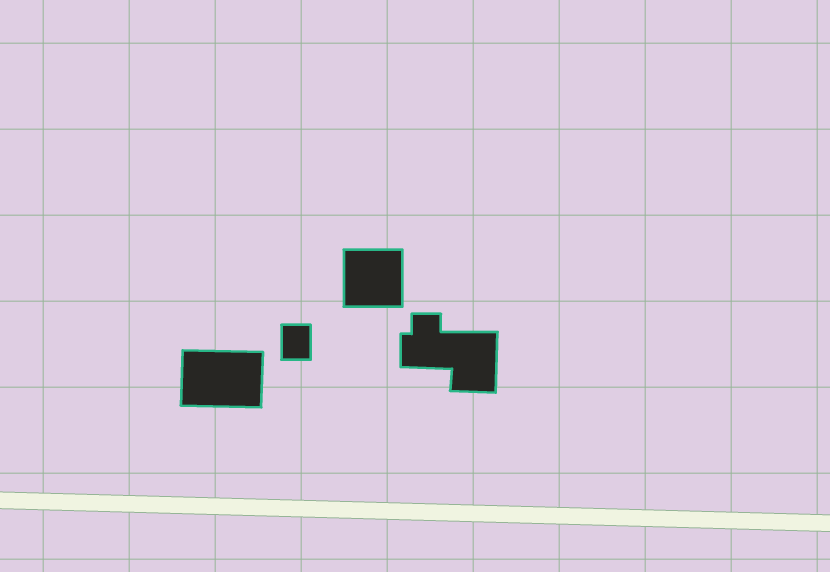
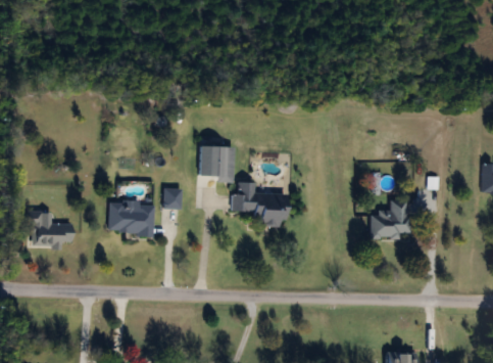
building: none -> [371,200,408,238]
building: none -> [30,211,71,245]

